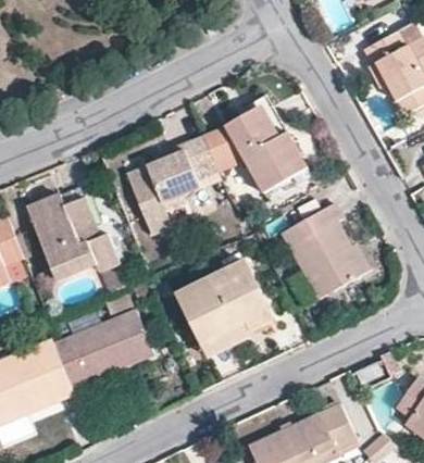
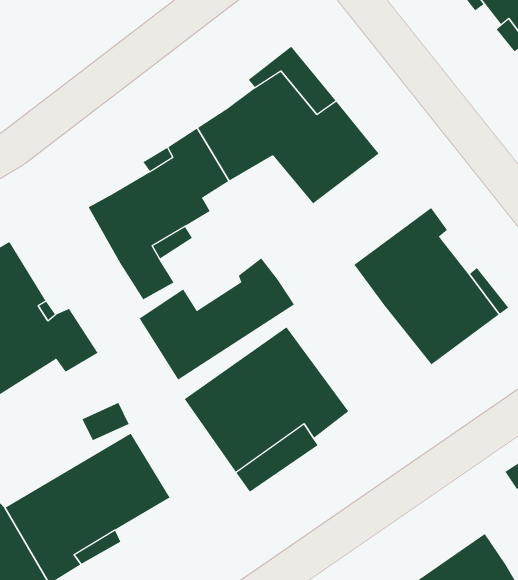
building: none -> [139,258,295,381]

